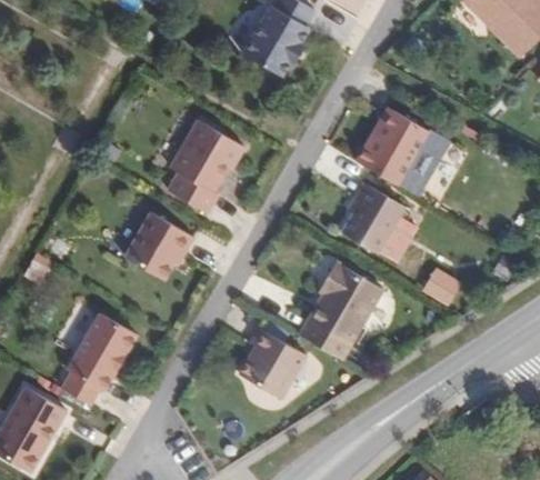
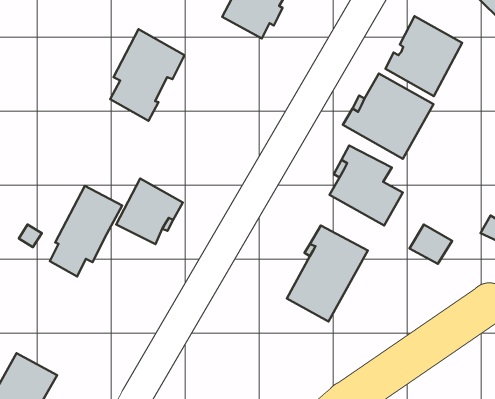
building: none -> [385,16,462,96]
building: [167,120,242,213] -> [110,29,185,121]
building: [61,316,134,408] -> [50,186,122,276]
building: [239,328,306,398] -> none

